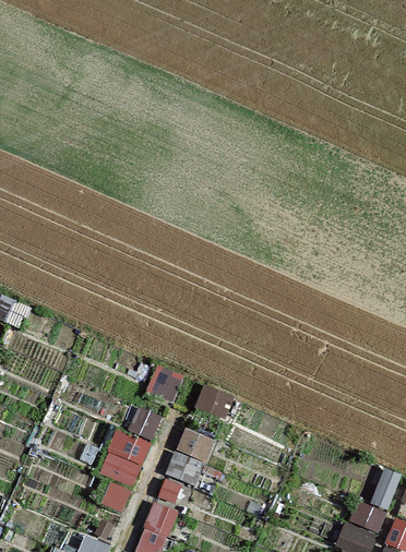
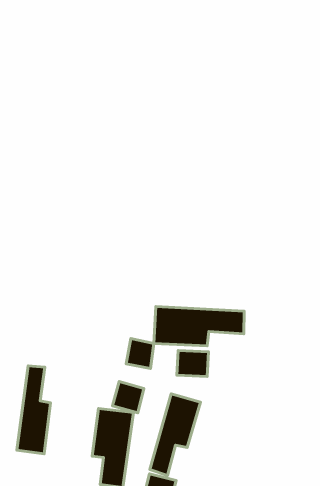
building: none -> [154,306,244,346]
building: none -> [17,366,50,454]

